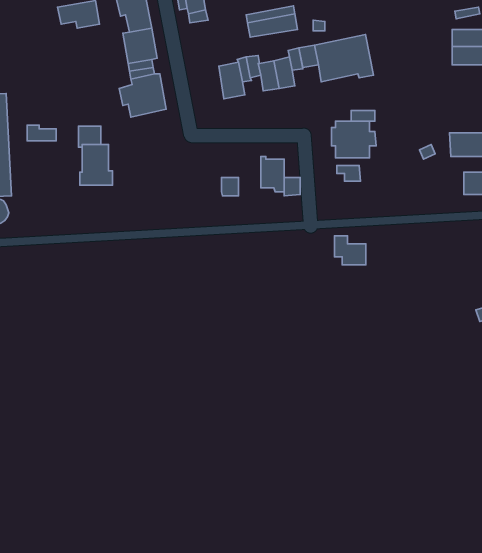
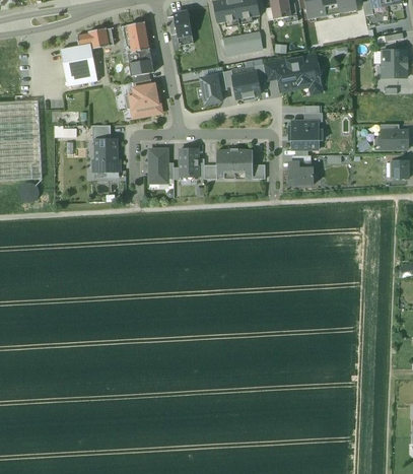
building: none -> [61,44,97,86]
building: none -> [148,148,166,182]
building: none -> [179,148,197,176]
building: none -> [215,148,233,176]
building: [334,236,366,265] -> [288,161,313,184]

